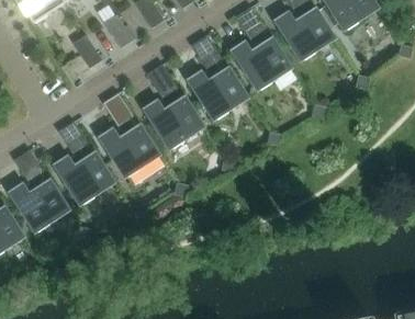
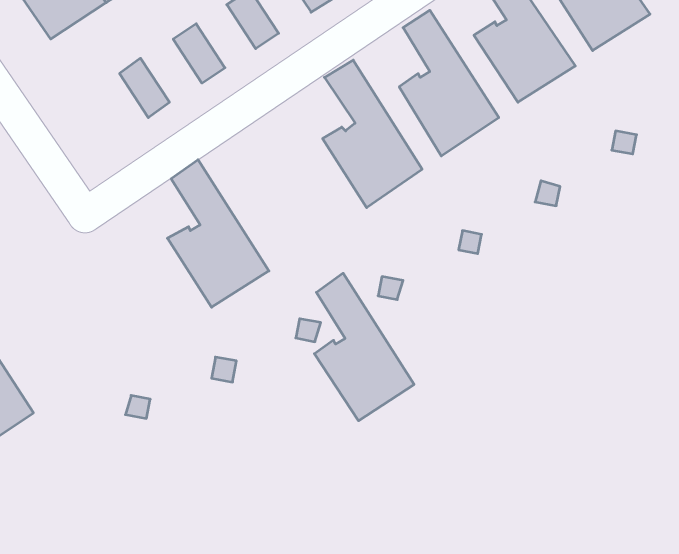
building: [145,64,202,148] -> [314,273,414,421]
building: [55,121,113,204] -> none
building: [10,150,68,231] -> none

